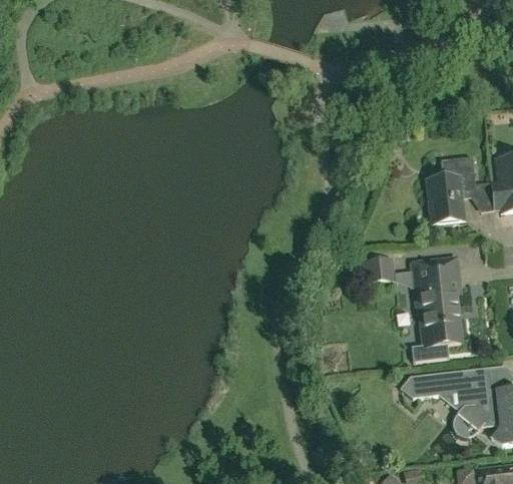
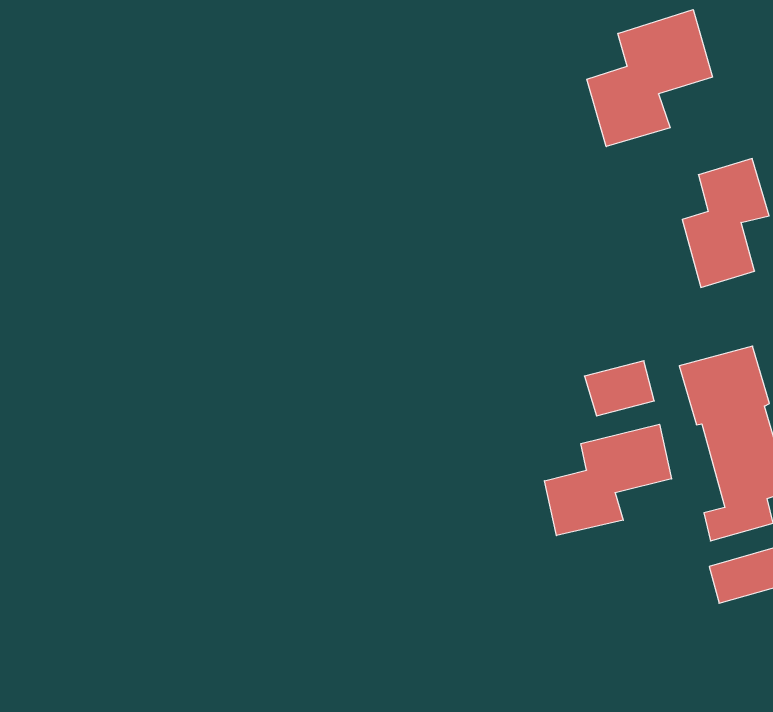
building: none -> [587,10,712,147]
building: none -> [544,424,672,536]

